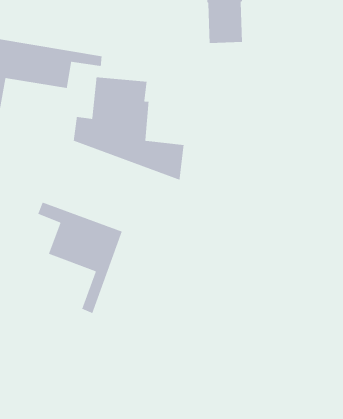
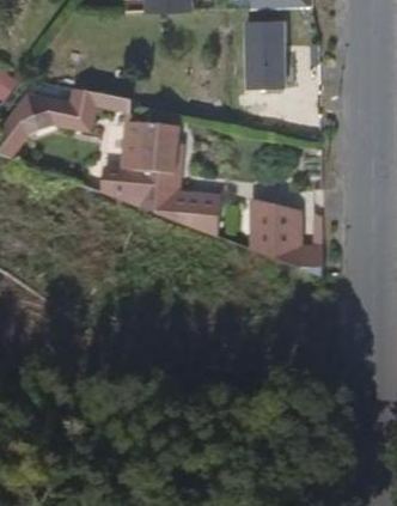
building: none -> [246,201,323,268]
building: [37,202,123,314] -> none

